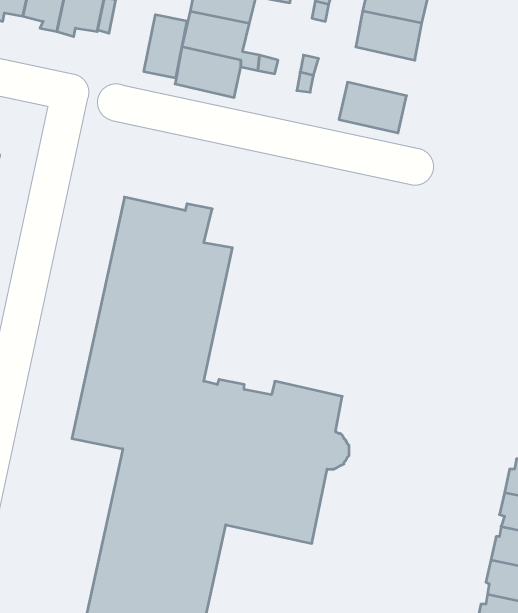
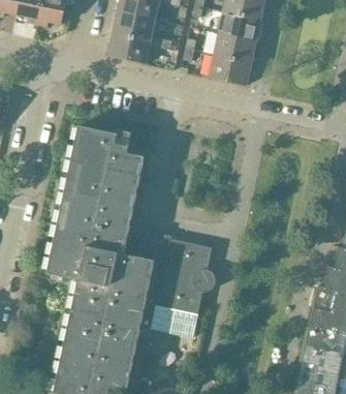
building: [144,15,187,78] -> none
building: none -> [215,33,256,63]

